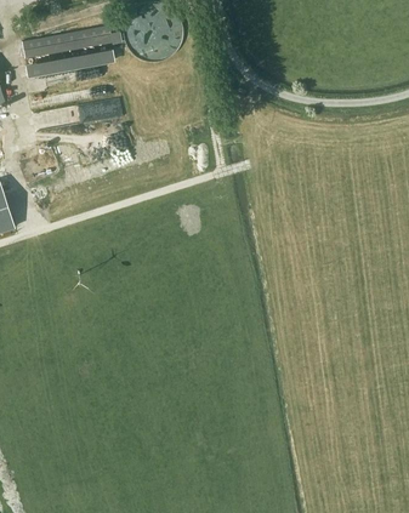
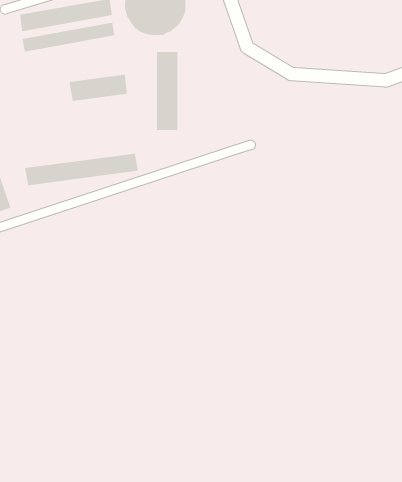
building: none -> [156,51,178,131]
building: none -> [24,153,139,186]

